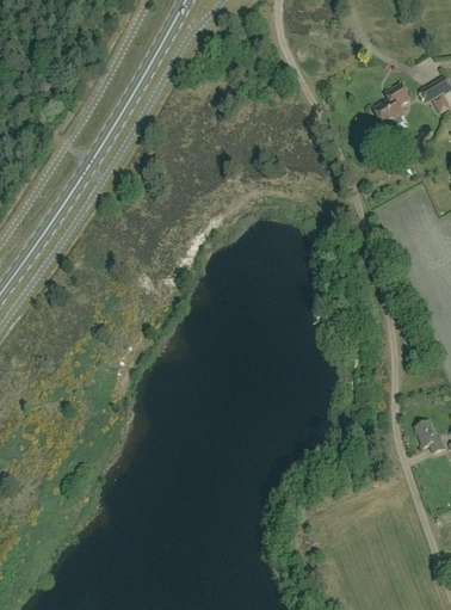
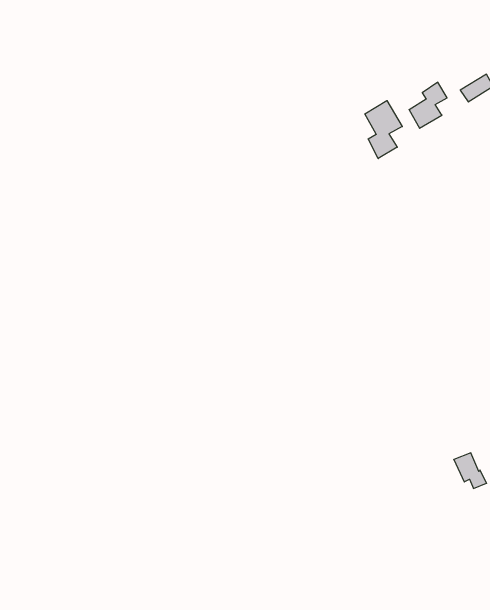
building: none -> [365,101,402,159]

